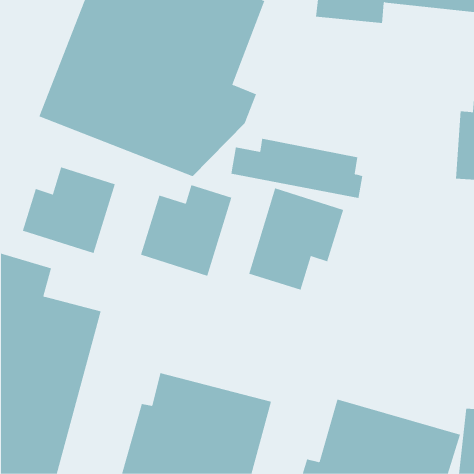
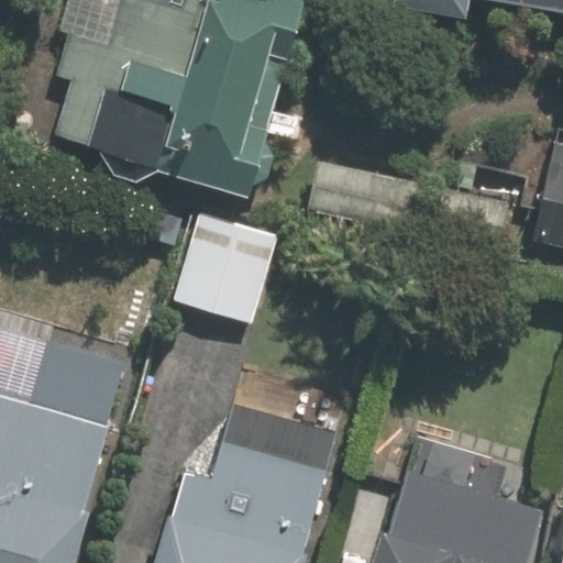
building: [22,167,115,254] -> none
building: [248,188,344,291] -> none

